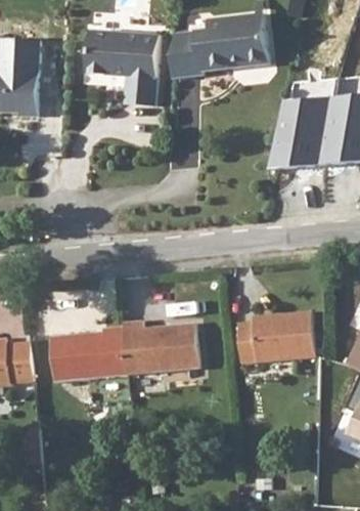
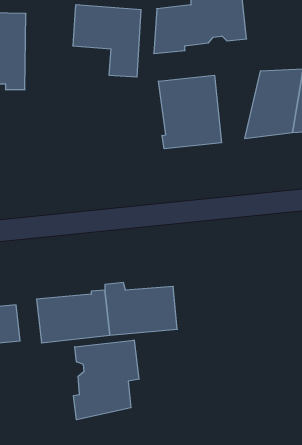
building: none -> [159,75,221,149]
building: [237,312,316,363] -> none
building: none -> [74,340,139,420]

